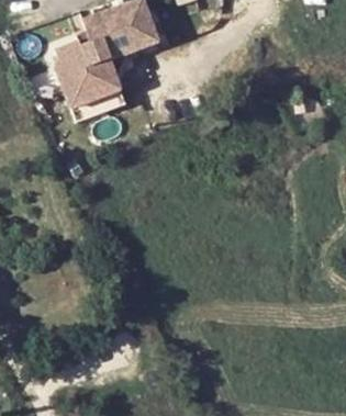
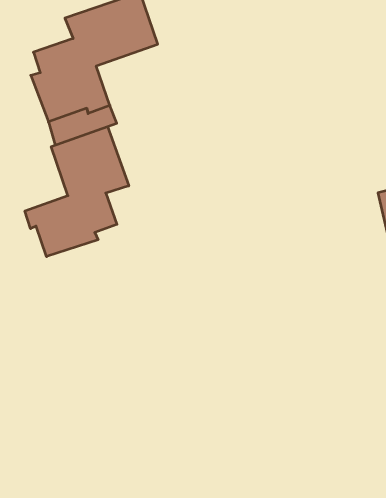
building: none -> [25,127,129,257]

